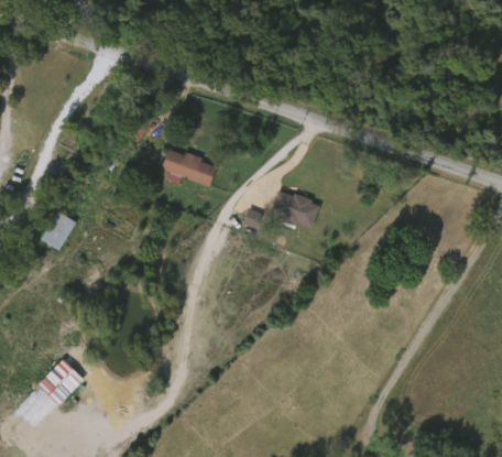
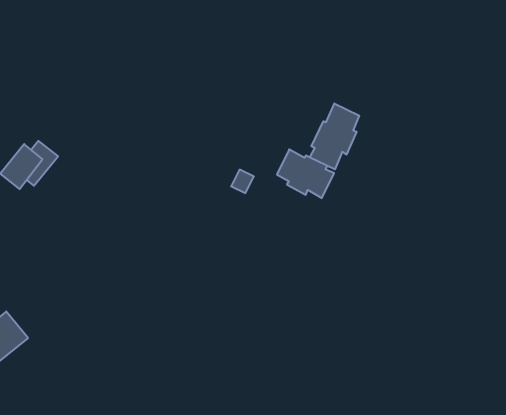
building: none -> [310,103,359,169]
building: [163,150,218,188] -> none

